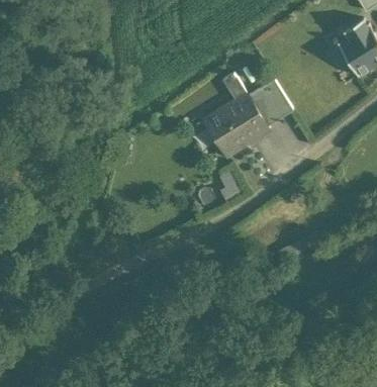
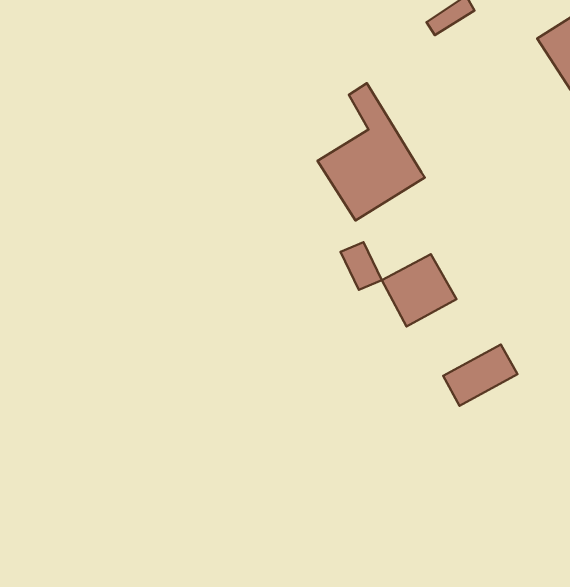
building: [247,80,292,126] -> none
building: none -> [382,254,456,326]

